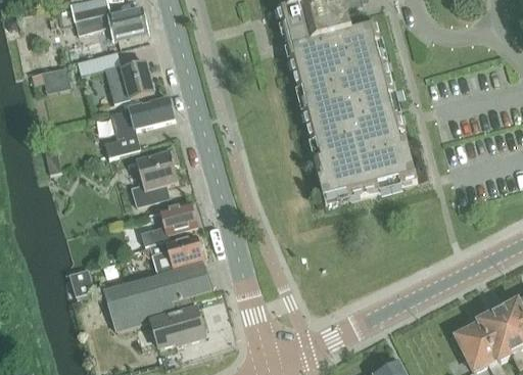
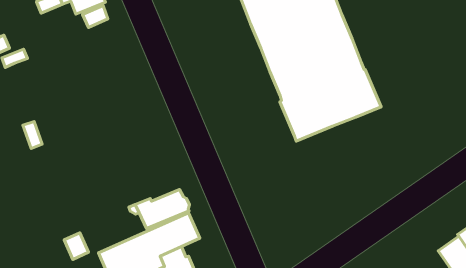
building: [104,62,154,102] -> none
building: [105,98,175,155] -> none
building: [132,150,179,205] -> none
building: [141,201,197,244] -> none

